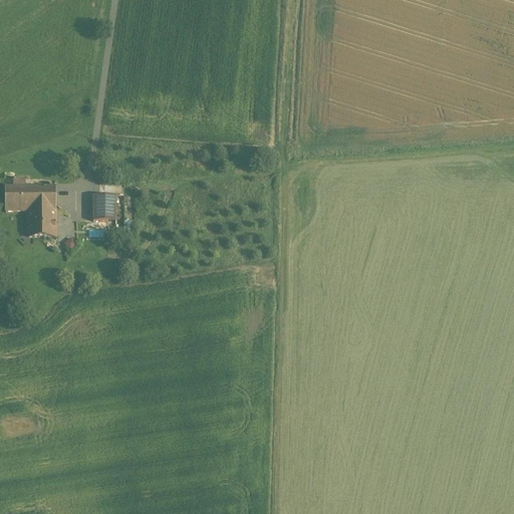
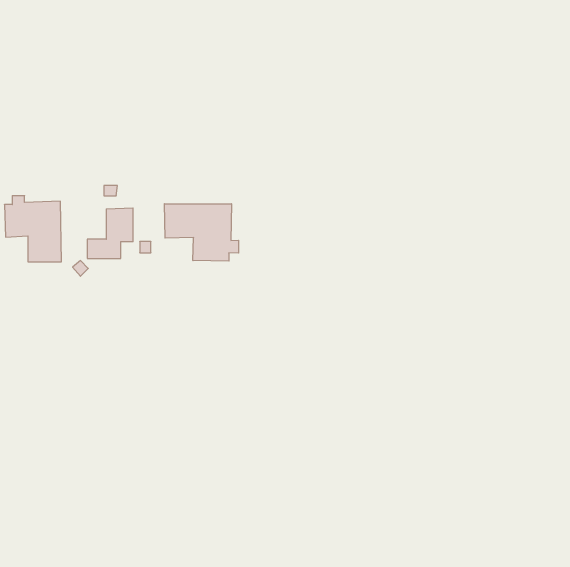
building: none -> [164,204,239,261]

